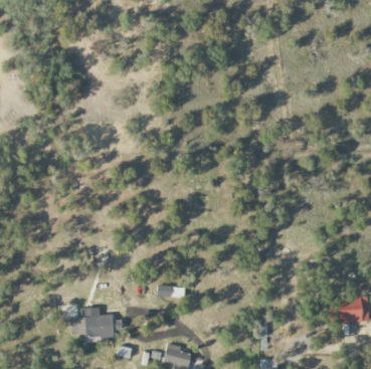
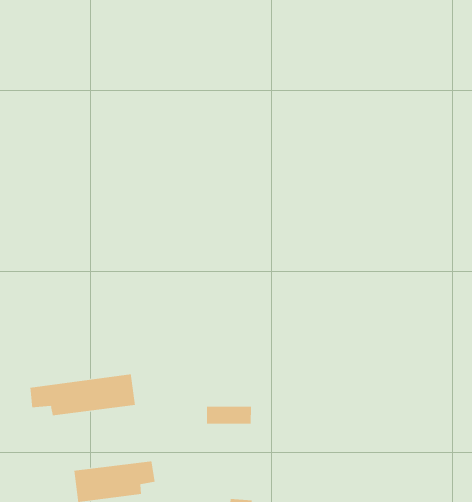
building: none -> [30,373,135,416]

